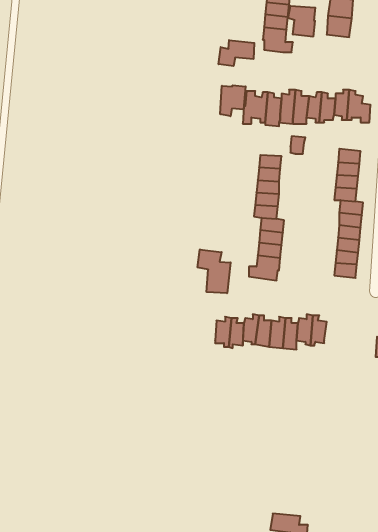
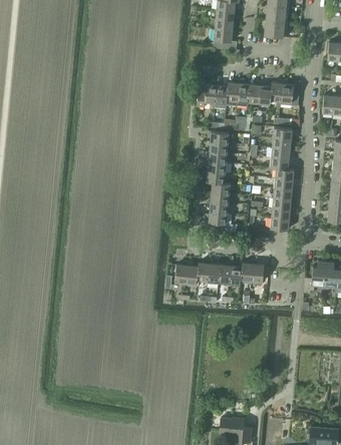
building: [288,6,315,37] -> none
building: [219,40,254,66] -> none
building: [220,85,246,116] -> none
building: [198,249,231,293] -> none

